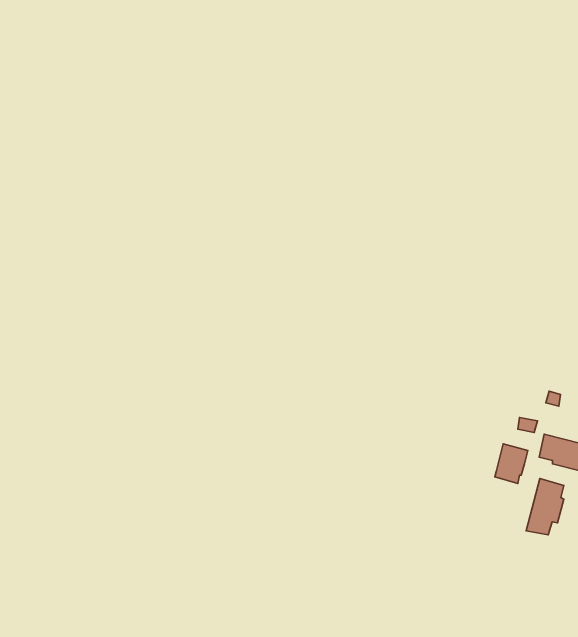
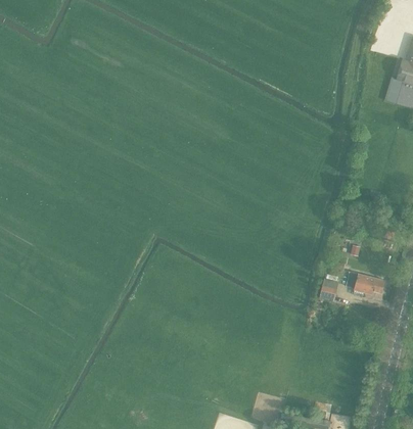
building: [526,478,564,535] -> none

